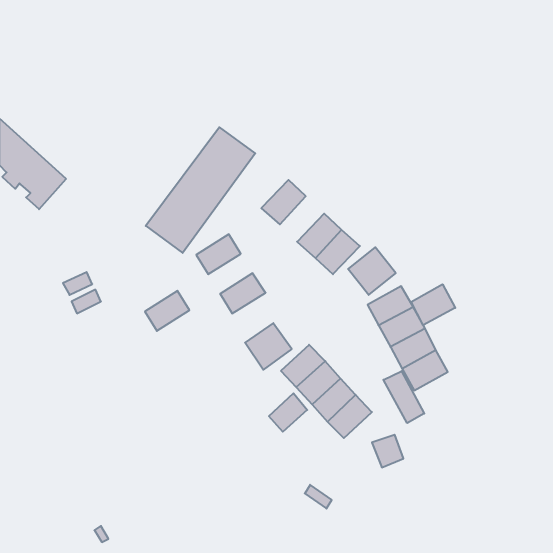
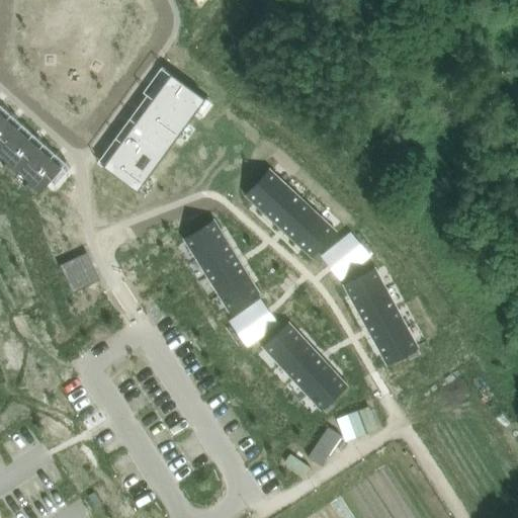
building: [146,127,255,253] -> [102,73,204,190]
building: none -> [261,183,303,226]
building: [411,284,455,325] -> none
building: [145,291,189,331] -> [194,237,236,274]
building: none -> [217,273,259,311]
building: [383,371,424,423] -> none
building: [269,393,307,432] -> none
building: none -> [307,425,341,464]

